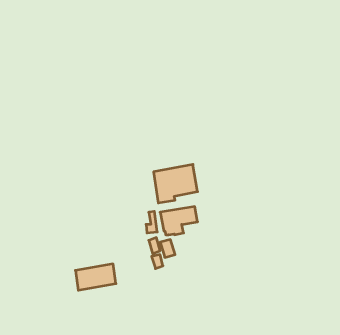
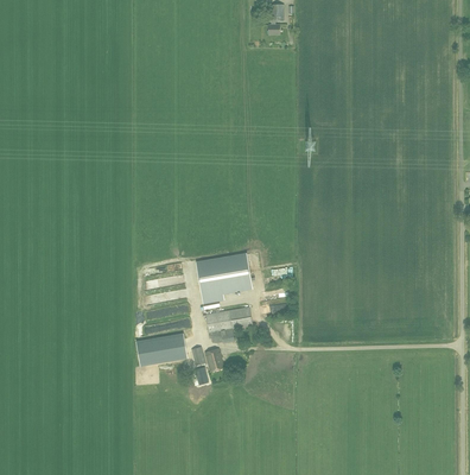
building: [75,264,116,290] -> [135,332,186,366]

